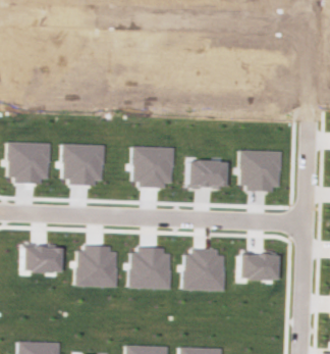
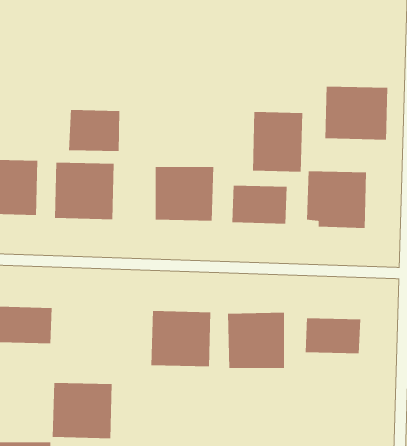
building: none -> [325,86,388,140]
building: none -> [69,109,120,152]
building: none -> [252,111,303,173]
building: [75,247,118,287] -> [52,382,113,439]

